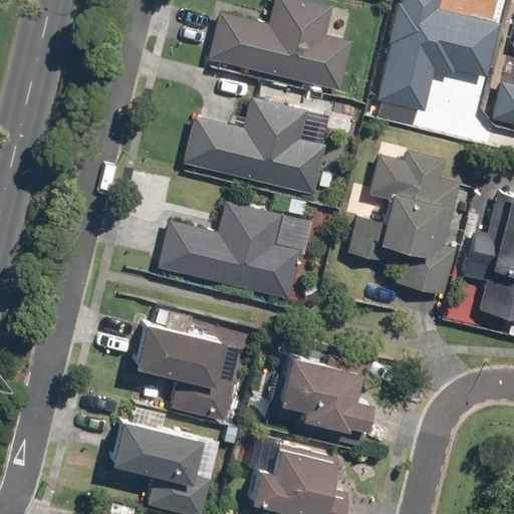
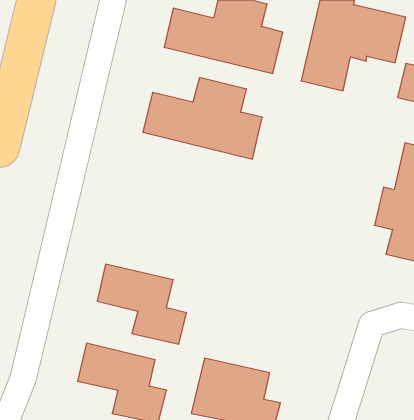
building: [346,149,471,295] -> none
building: [158,201,303,300] -> none
building: [273,345,369,447] -> none

